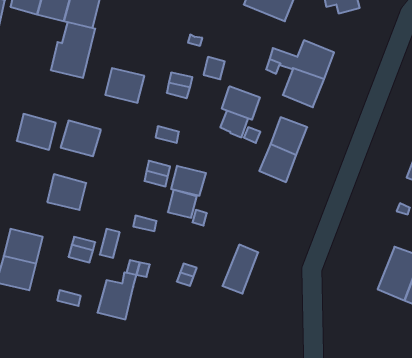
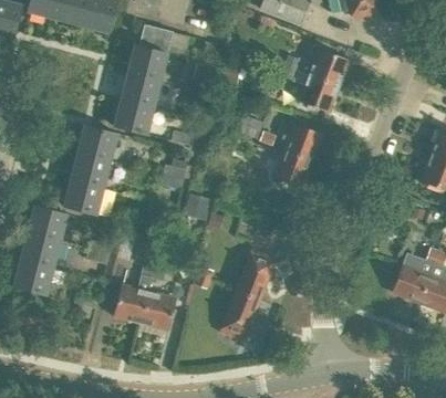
building: [51,22,95,78] -> [128,24,173,80]
building: [222,86,260,120] -> none
building: none -> [115,98,154,134]
building: [17,114,56,150] -> [71,150,110,186]
building: [171,166,206,196] -> none
building: none -> [28,205,66,239]
building: none -> [221,287,258,337]
building: none -> [142,289,177,327]

